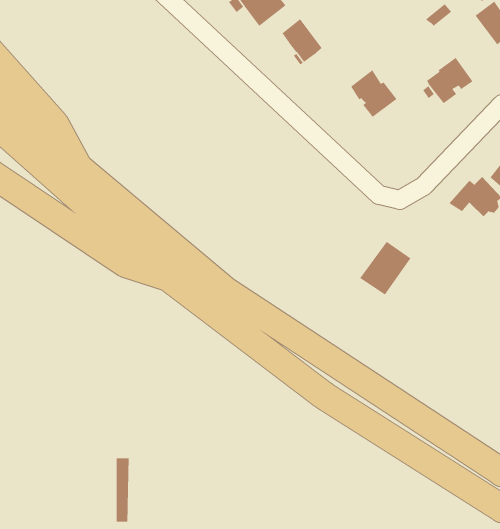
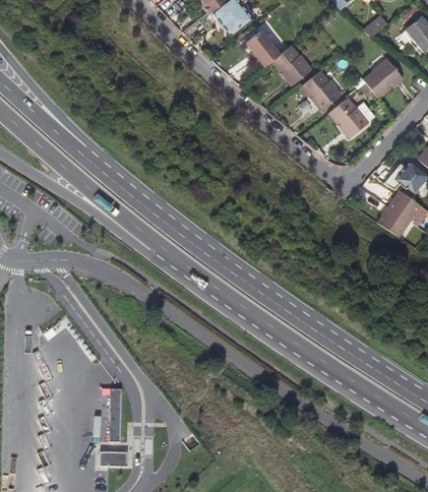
building: none -> [273,46,313,85]
building: none -> [329,99,369,139]
building: [359,241,411,296] -> [376,191,419,236]

